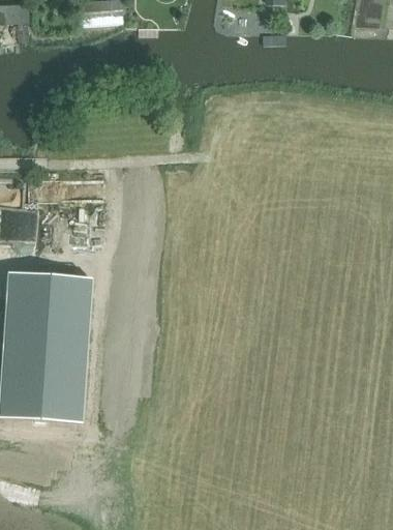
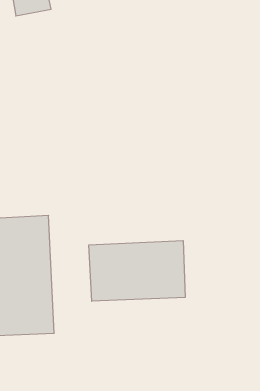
building: none -> [89,241,185,301]

